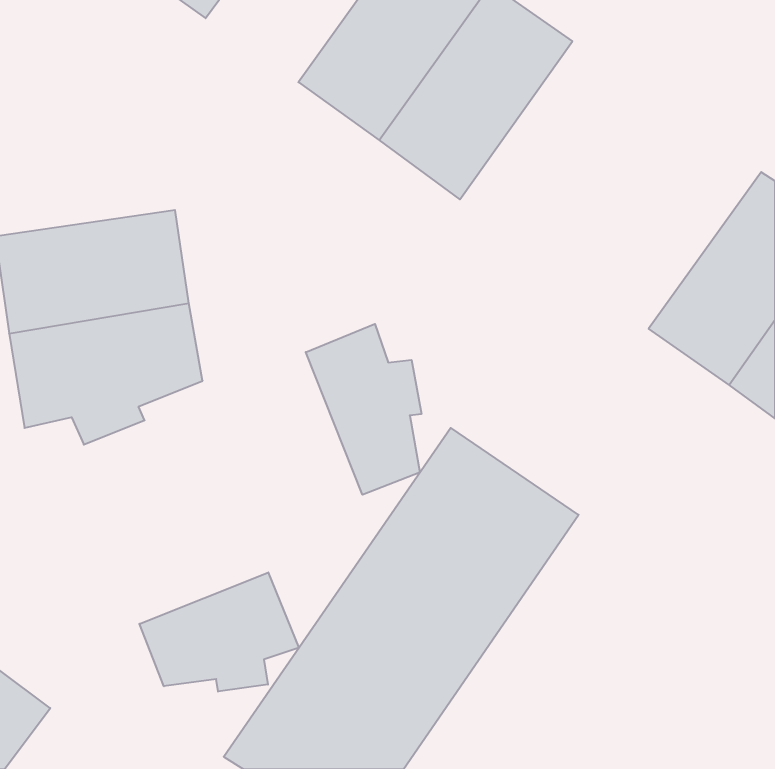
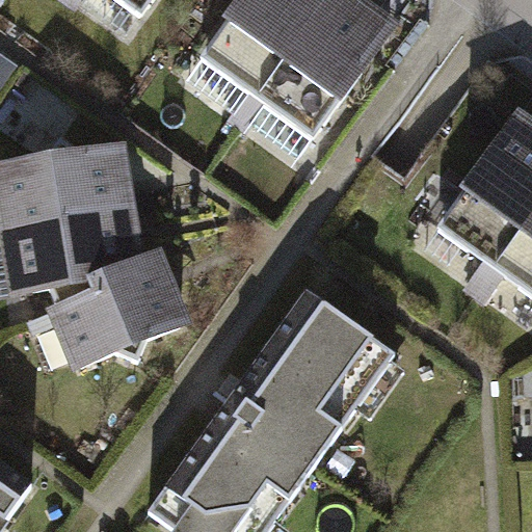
building: [306,324,421,495] -> none
building: none -> [57,254,183,363]
building: [139,572,299,692] -> none

